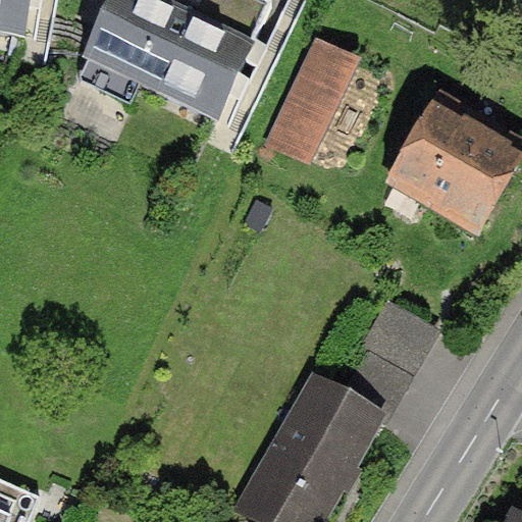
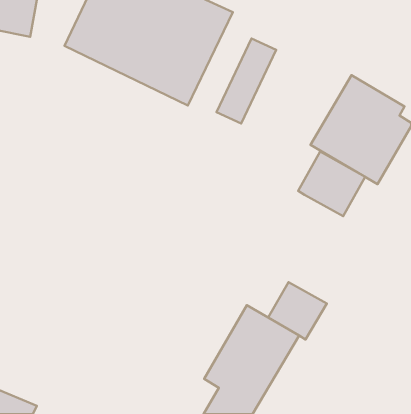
building: [352,298,435,378] -> [298,151,365,216]

